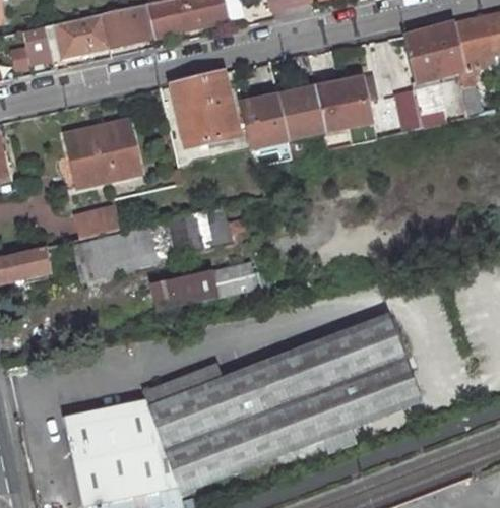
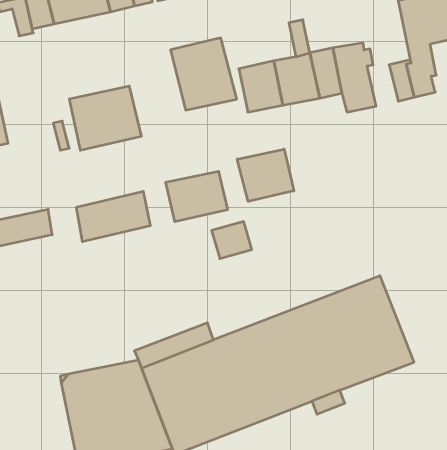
building: none -> [237,149,294,201]
building: [78,207,123,238] -> none
building: [147,272,216,319] -> none

